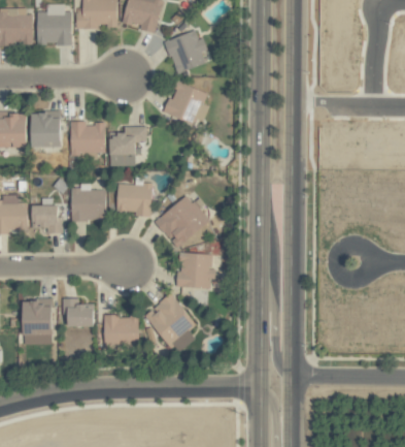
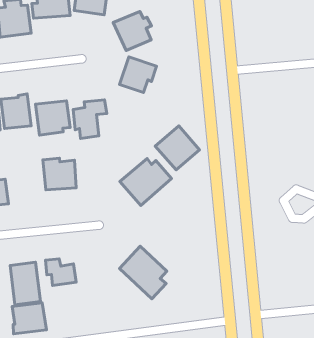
building: none -> [155,126,200,170]
building: [116,181,151,216] -> none
building: [33,204,61,233] -> none
building: [179,252,215,288] -> none
building: [104,316,139,345] -> none
building: none -> [12,303,46,334]

